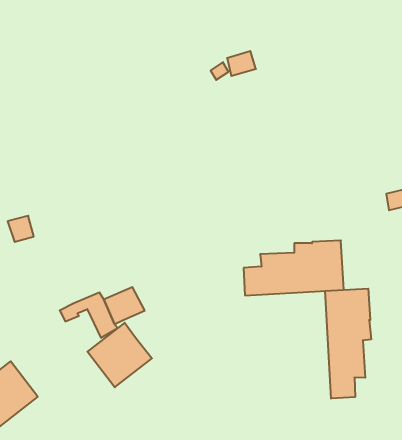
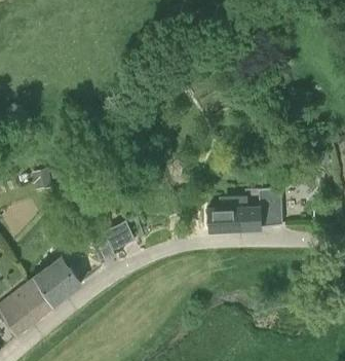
building: [325,289,371,399] -> none
building: [87,323,152,387] -> [33,258,81,306]

